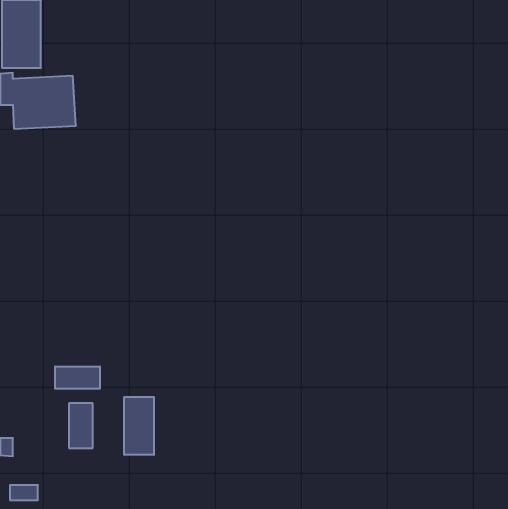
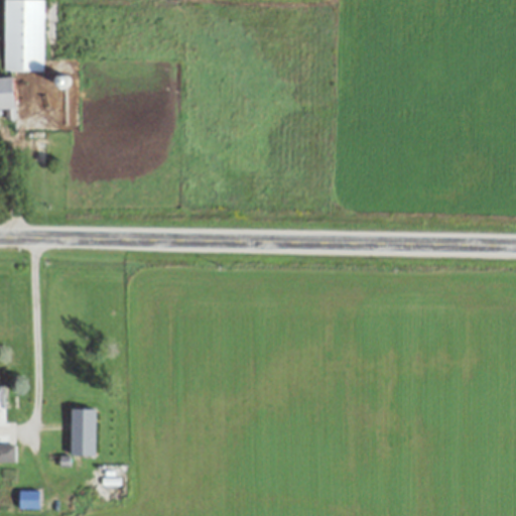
building: [55,366,100,389] -> none
building: [124,397,154,455] -> none

